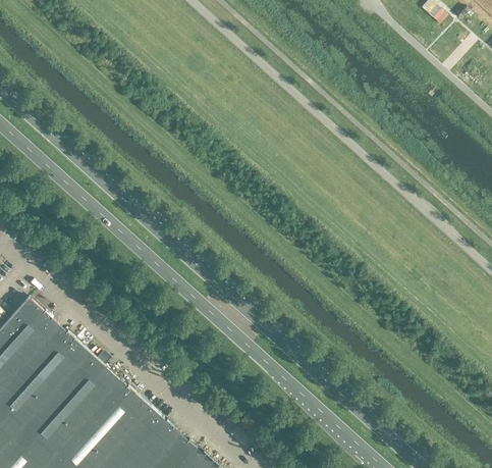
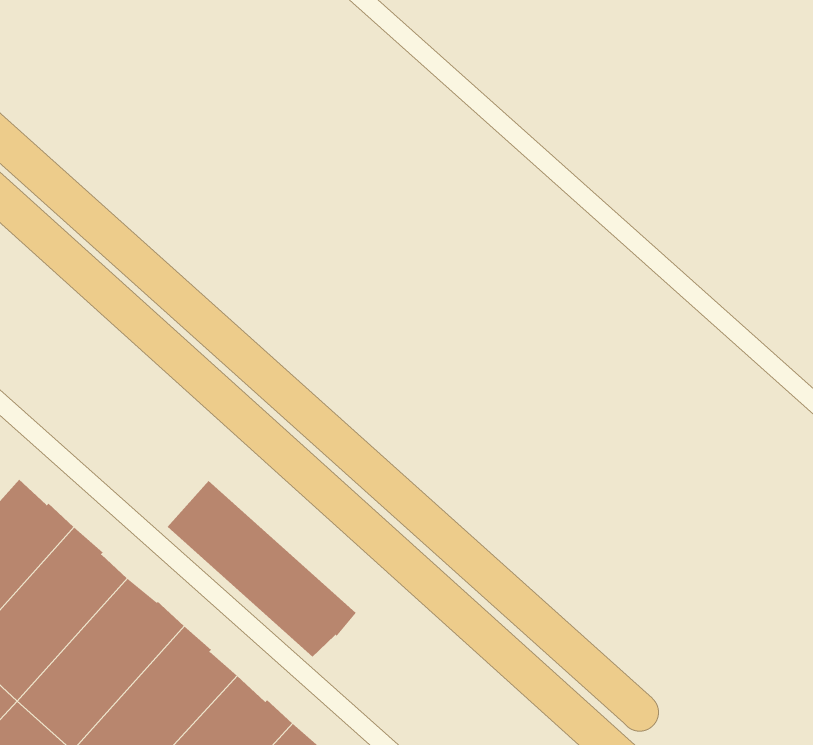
building: none -> [167,480,357,658]

